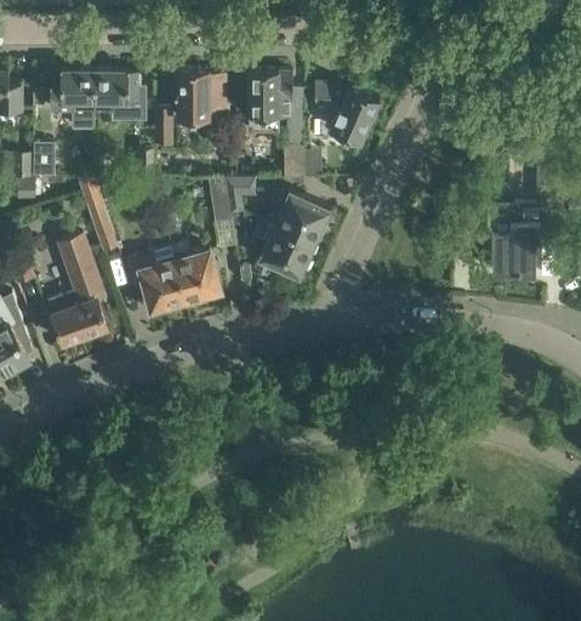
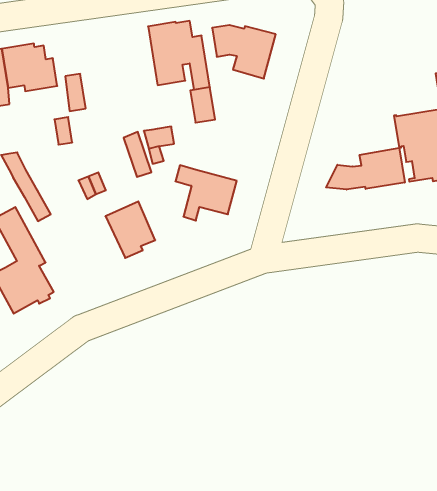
building: [177,70,224,129] -> none
building: [273,192,330,245] -> none
building: none -> [326,148,405,190]
building: [127,247,187,310] -> none

